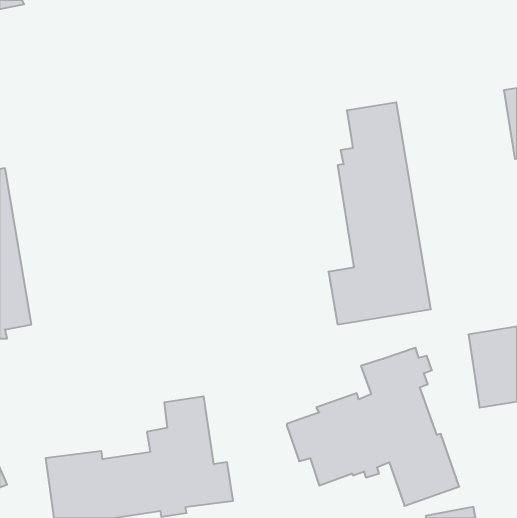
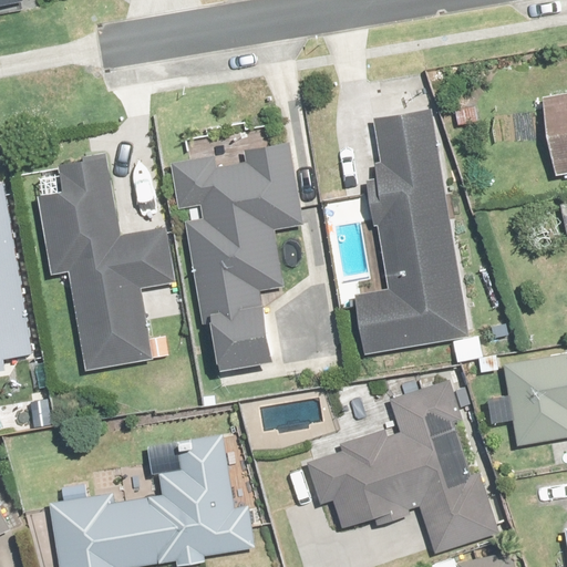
building: none -> [165,143,300,371]
building: none -> [31,153,171,372]

